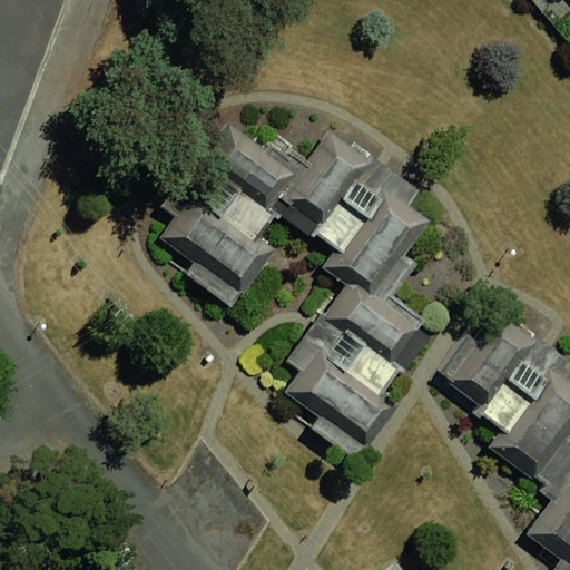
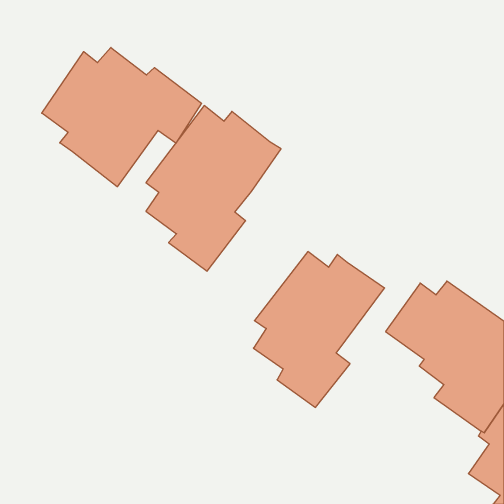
building: none -> [42,47,202,187]
building: [284,126,430,302] -> none

